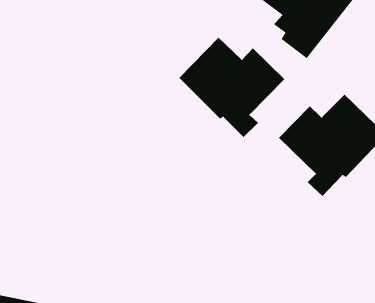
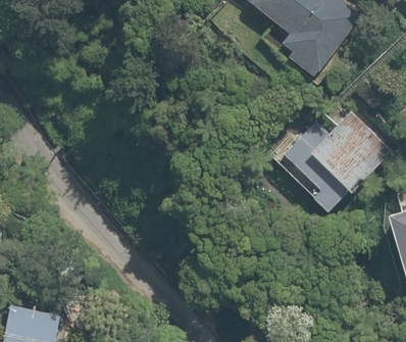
building: [178,37,285,138] -> none

